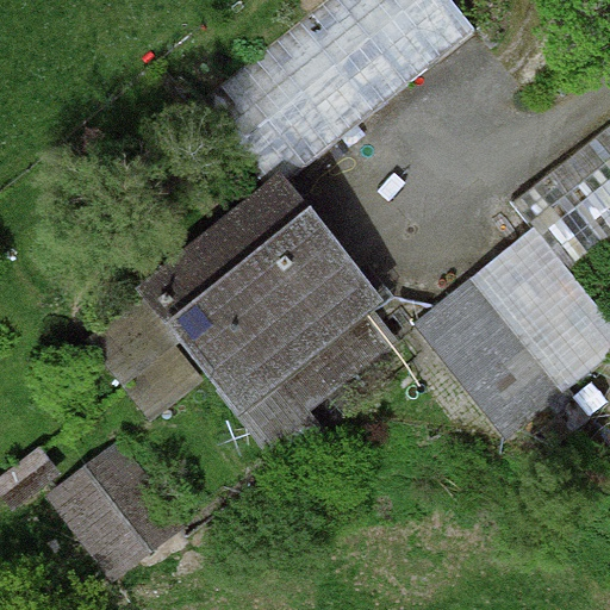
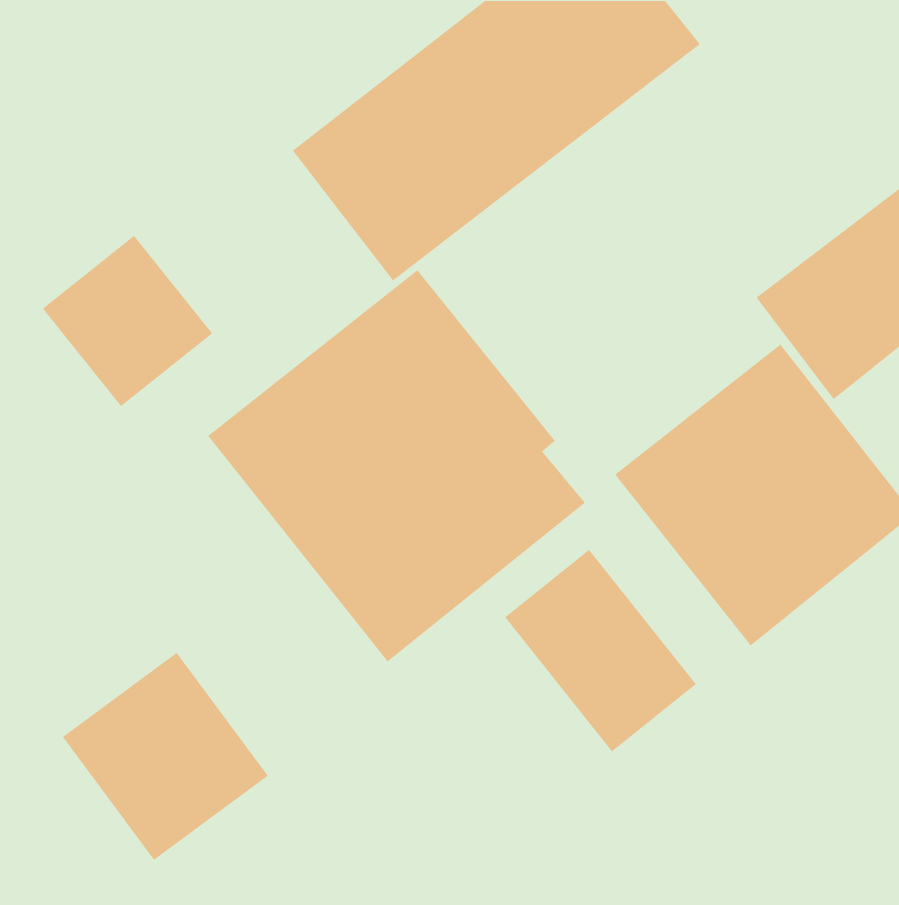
building: none -> [42,235,213,407]
building: none -> [504,549,697,752]

